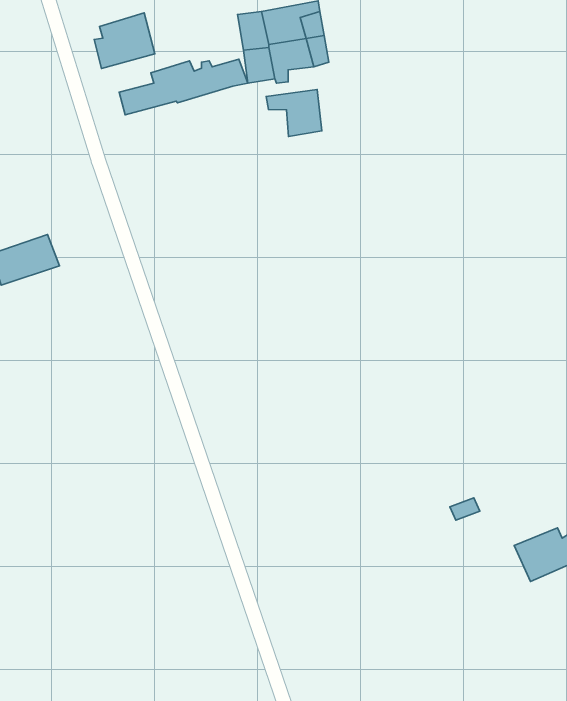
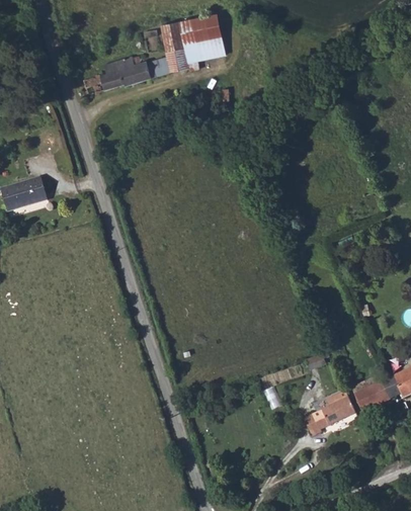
building: [94,13,155,69] -> none
building: [266,90,322,137] -> none
building: none -> [305,388,356,433]

